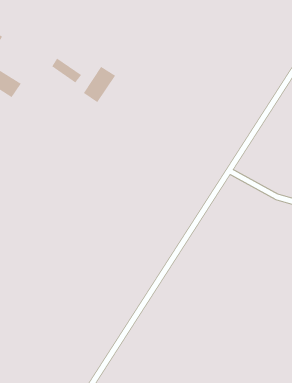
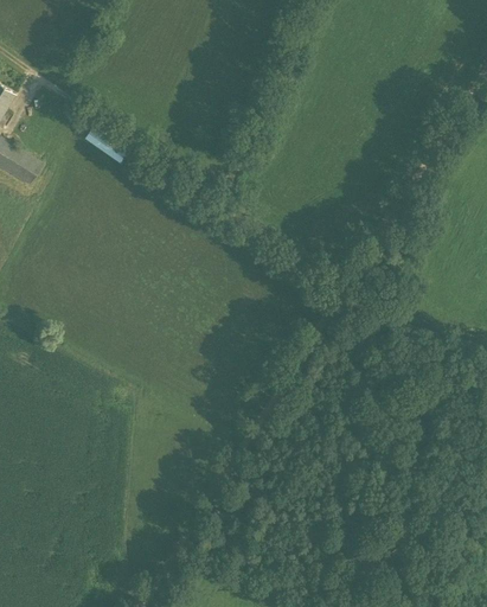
building: [83,66,116,103] -> none

